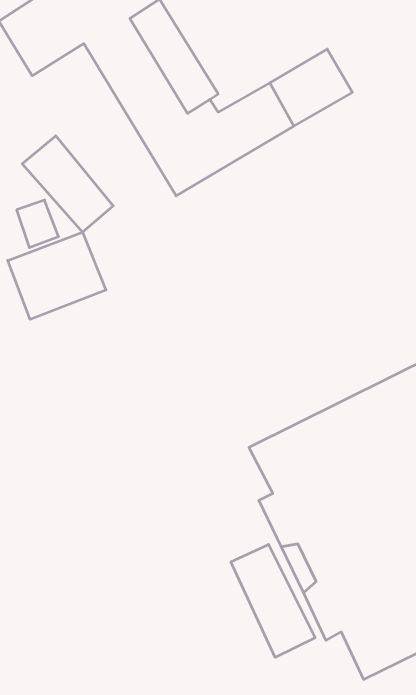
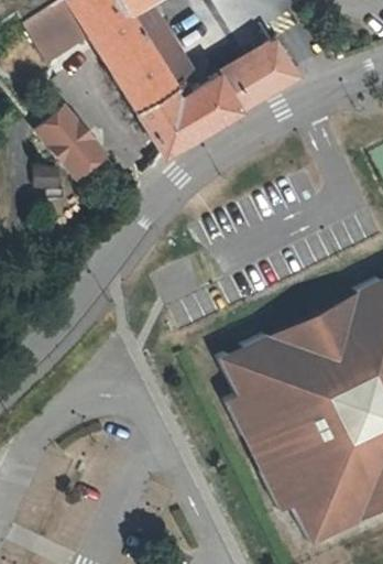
building: [8,232,106,319] -> none
building: [231,544,315,657] -> none

